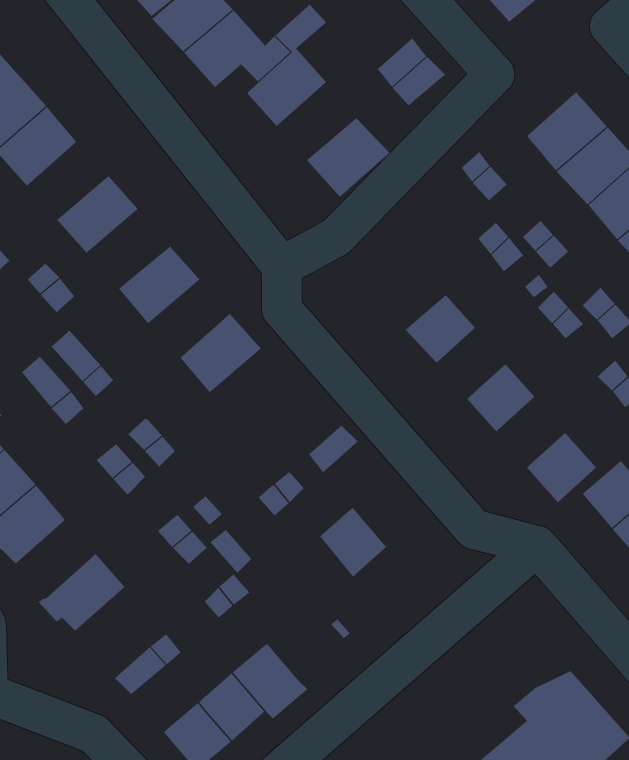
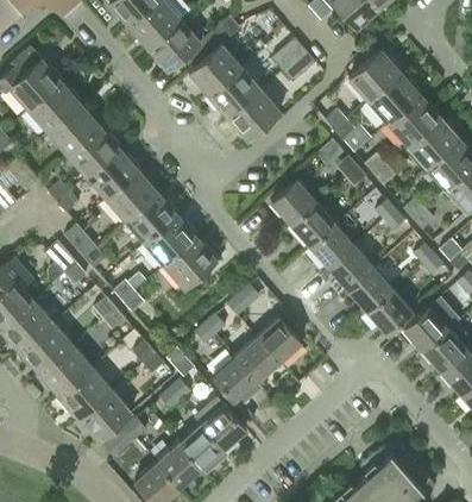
building: none -> [348,50,399,100]
building: none -> [208,65,259,115]
building: none -> [49,103,101,153]
building: none -> [87,146,140,197]
building: none -> [271,178,316,224]
building: none -> [126,192,178,241]
building: none -> [310,222,354,268]
building: none -> [165,236,219,288]
building: none -> [348,266,392,312]
building: none -> [257,316,302,362]
building: none -> [37,345,93,395]
building: none -> [213,356,262,407]
building: none -> [80,388,132,439]
building: none -> [194,396,246,448]

